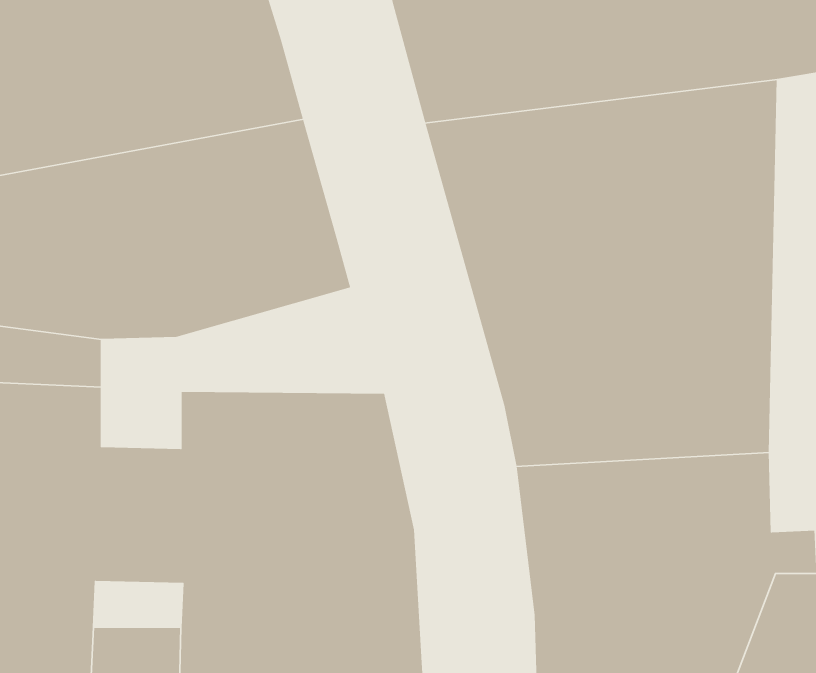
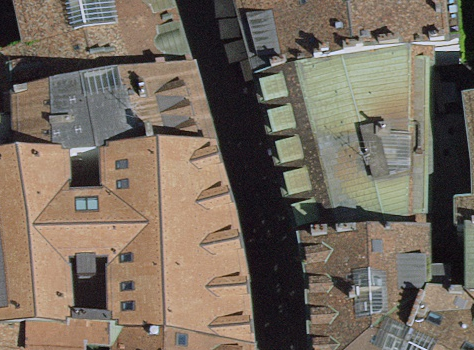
building: none -> [128,154,233,207]

